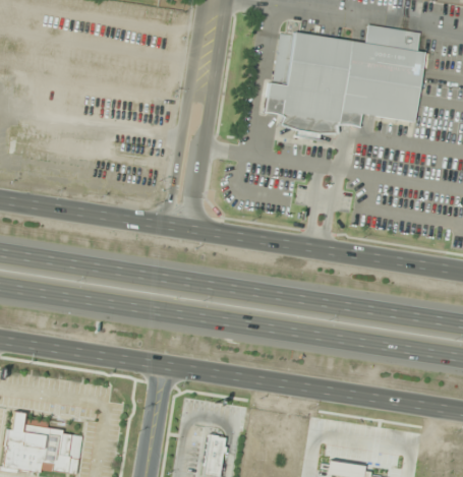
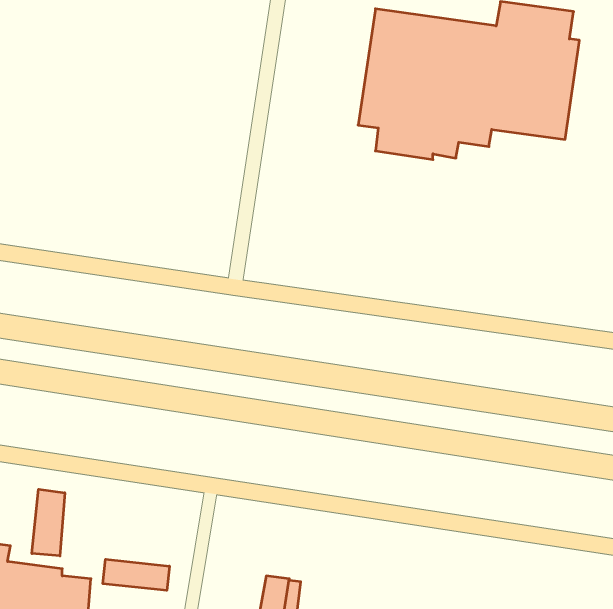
building: none -> [32,489,65,556]
building: none -> [103,559,169,590]

